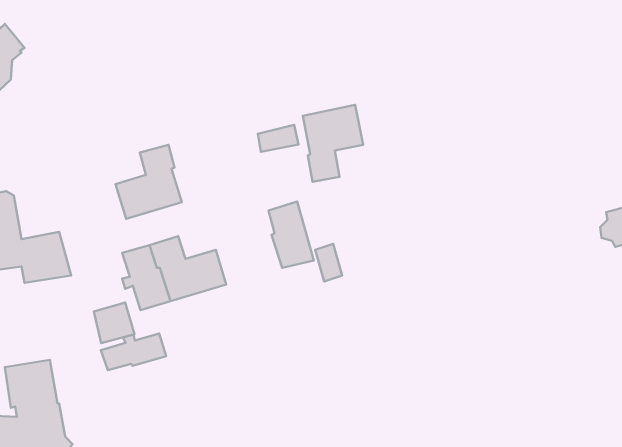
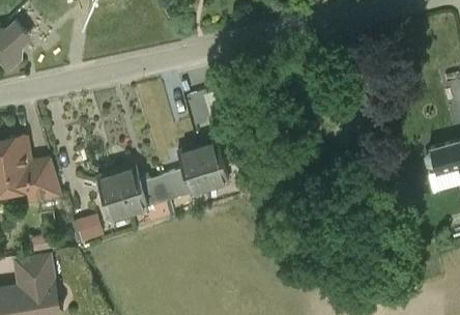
building: [303,105,363,182] -> none
building: [116,145,182,219] -> [162,149,207,200]
building: [101,333,166,370] -> none

